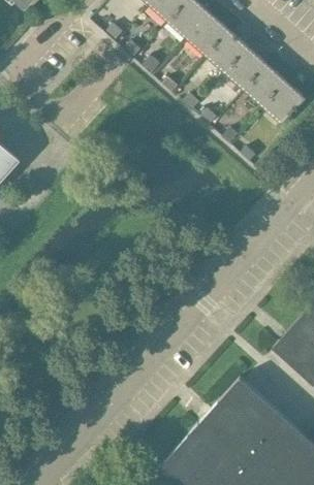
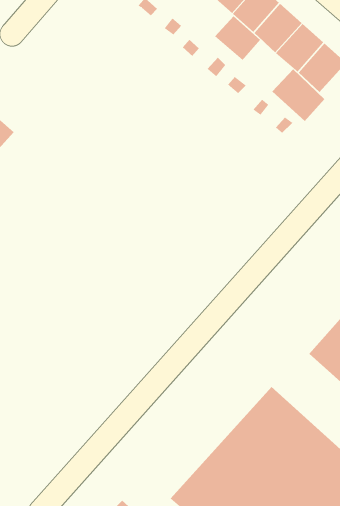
building: none -> [214,15,261,61]
building: none -> [272,69,325,122]

